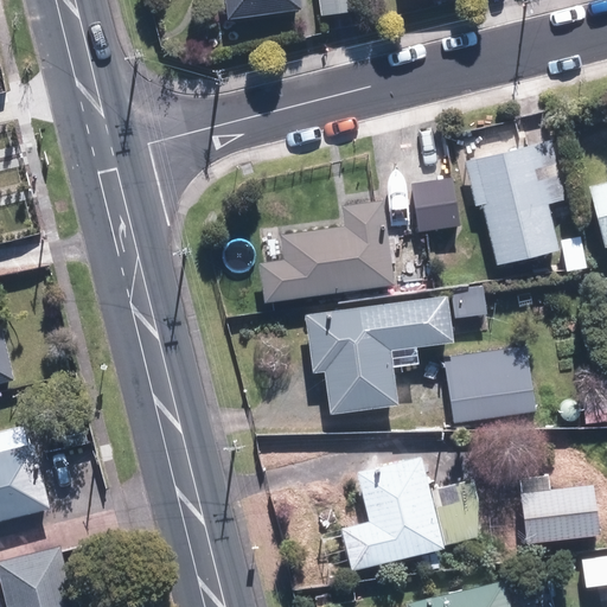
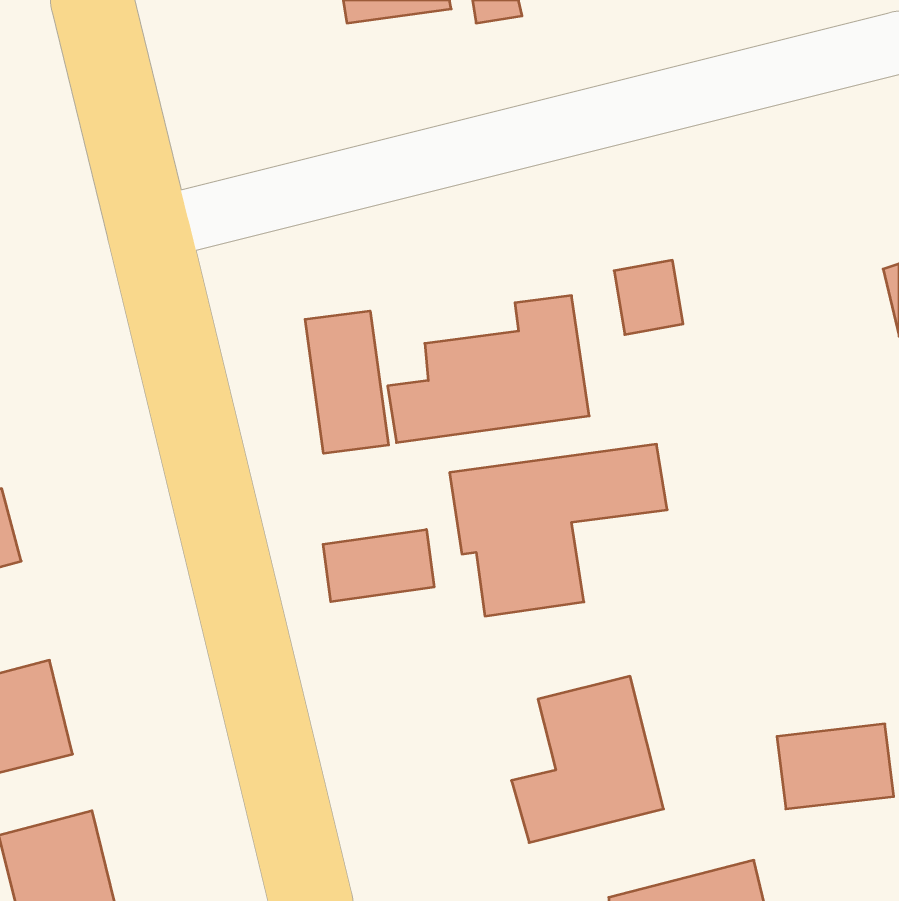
building: [466,139,564,261] -> none
building: none -> [305,311,389,453]
building: [445,353,531,423] -> none
building: none -> [323,529,434,602]

